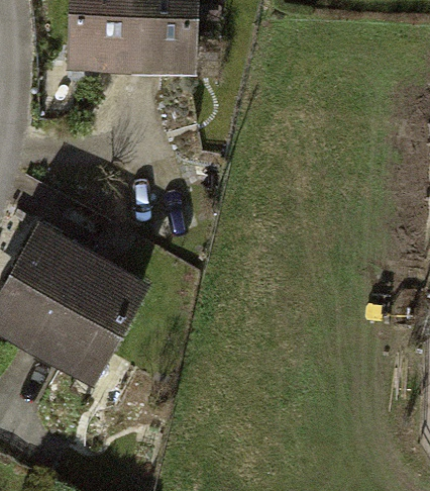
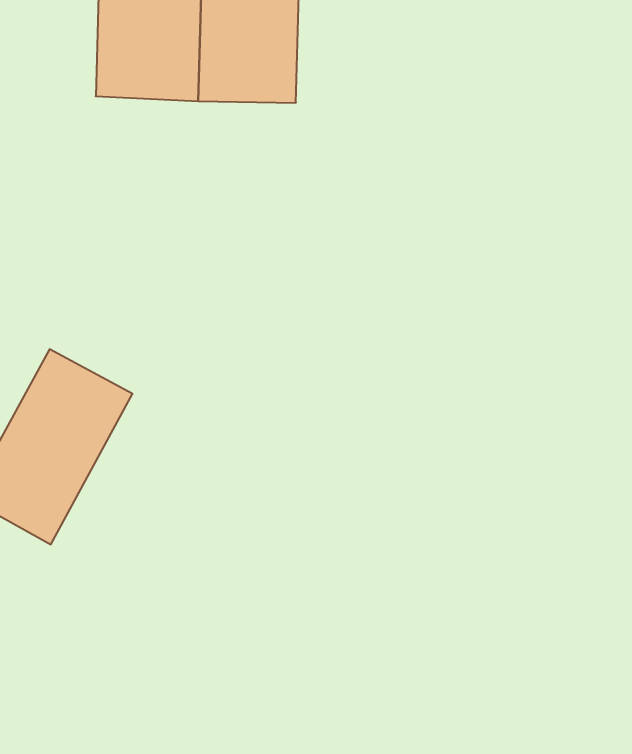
building: [39,256,143,379] -> none

